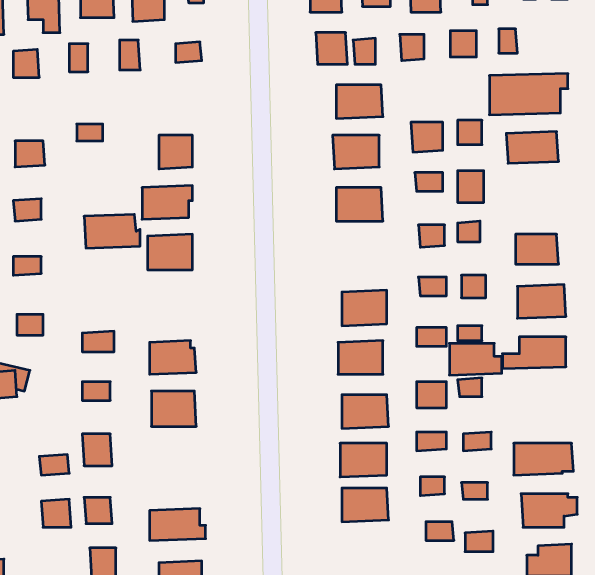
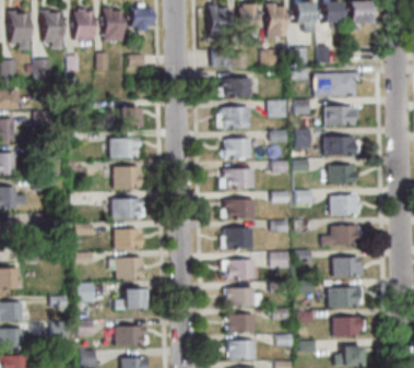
building: none -> [326,136,355,155]
building: [84,214,140,248] -> [113,198,145,217]
building: none -> [227,169,255,189]
building: [449,343,502,375] -> [333,258,364,276]
building: none -> [117,289,150,310]
building: none -> [229,341,257,360]

